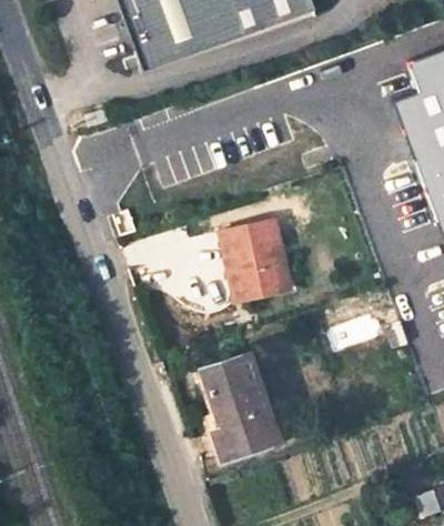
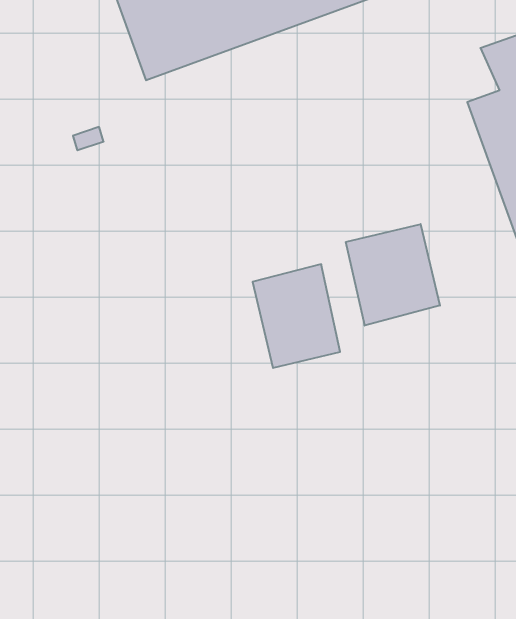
building: none -> [346,224,440,326]
building: [206,350,282,449] -> none

